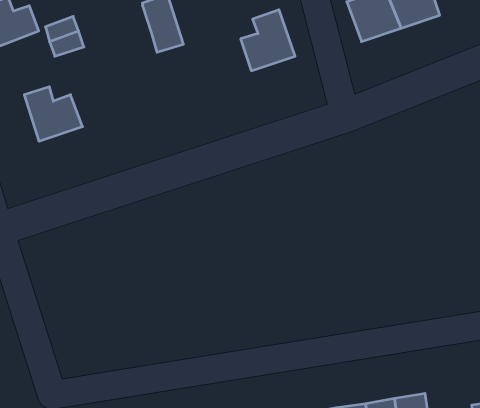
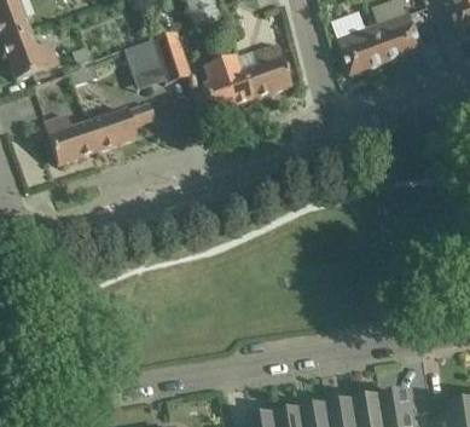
building: none -> [124,39,159,74]
building: none -> [190,54,250,112]
building: none -> [86,102,153,149]

